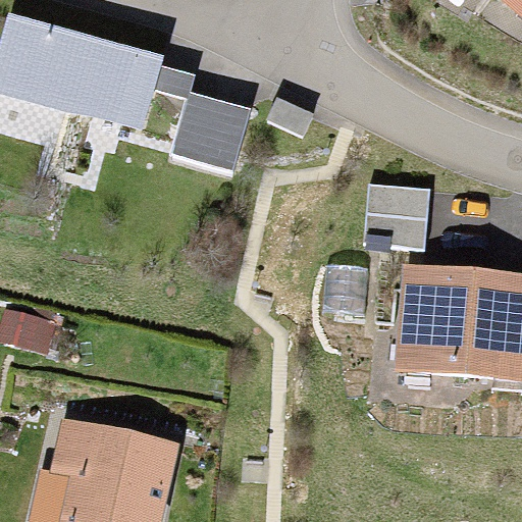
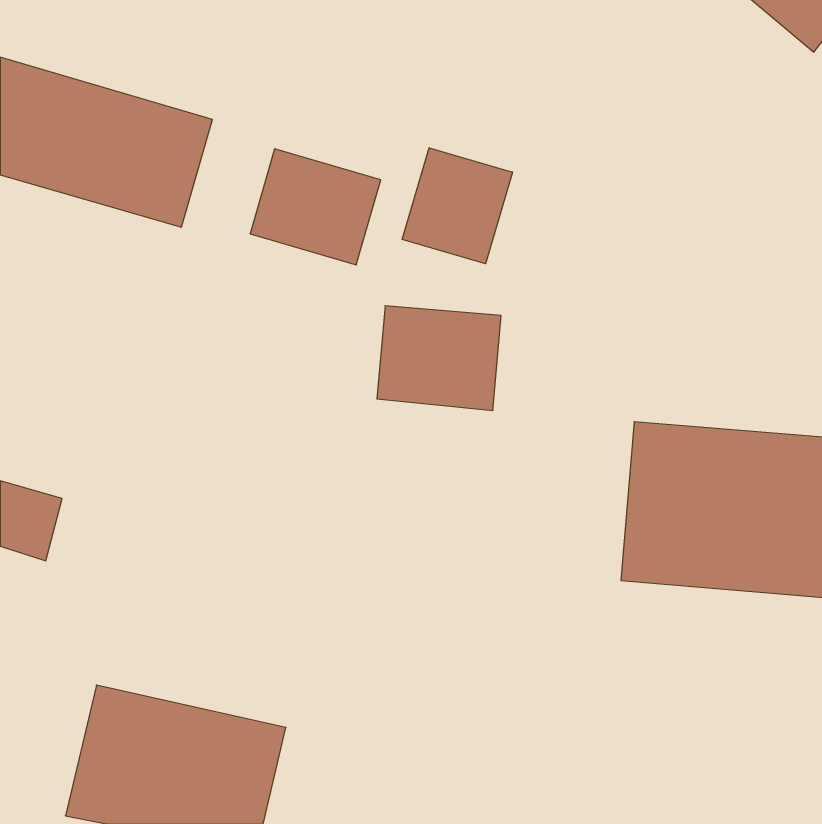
building: none -> [402,148,513,264]
building: [351,178,428,244] -> [377,306,501,410]

